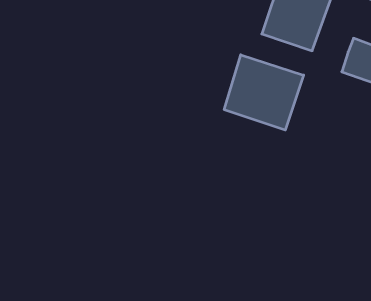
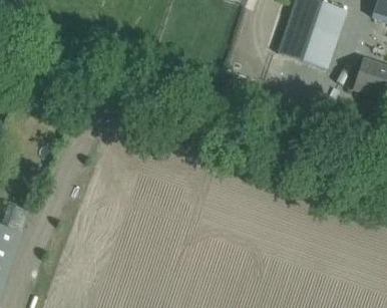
building: [224,55,304,130] -> none

